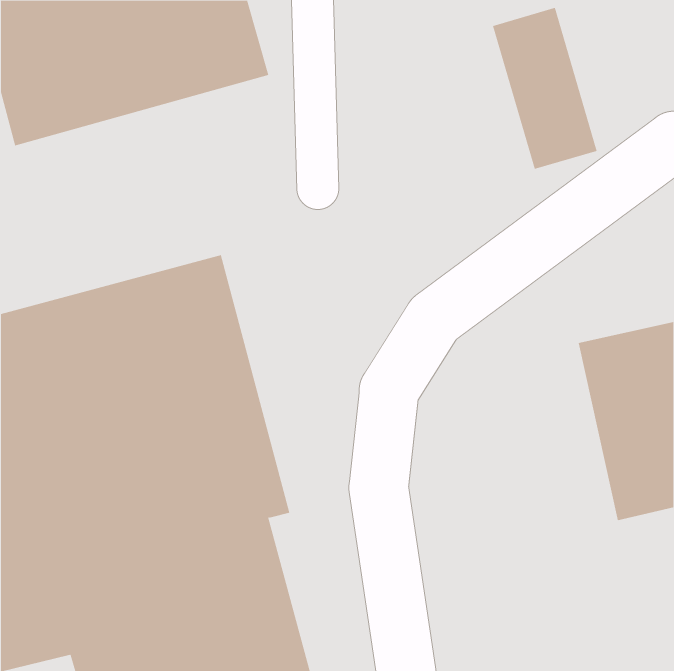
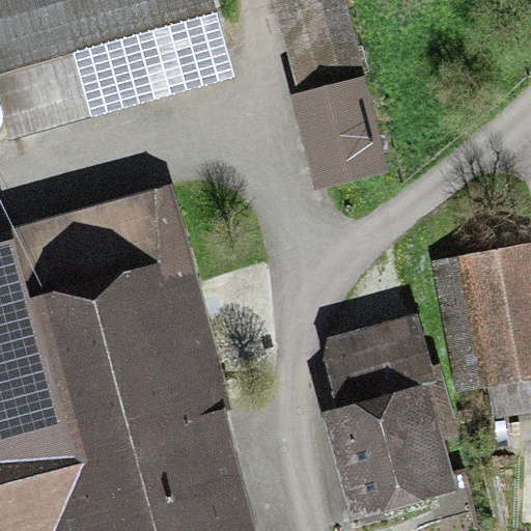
building: [492,7,598,169] -> [298,52,381,179]
building: none -> [326,330,454,511]

